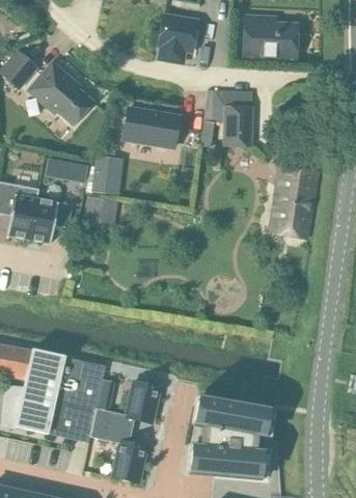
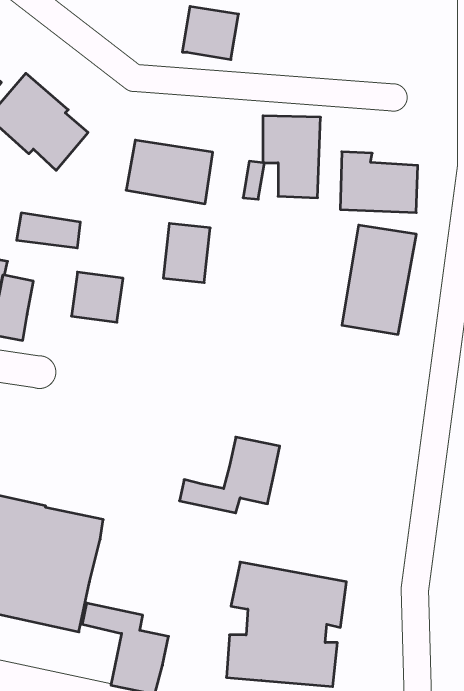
building: [245,16,298,57] -> [340,152,418,213]
building: [92,155,125,195] -> [163,223,210,283]
building: [94,379,163,431] -> [179,437,280,513]

